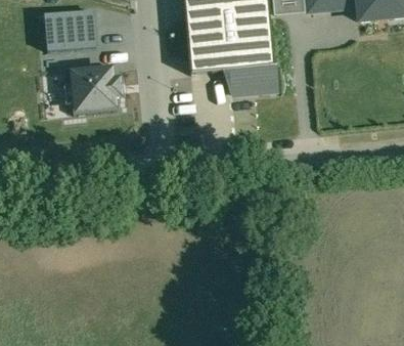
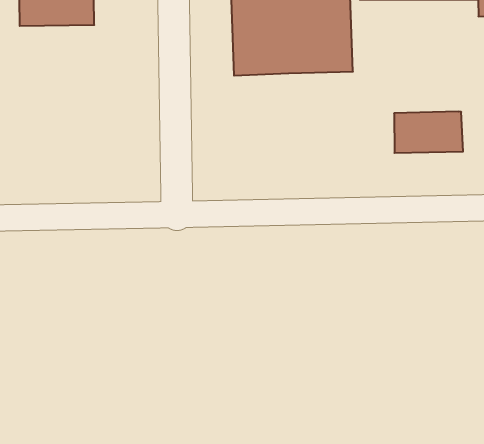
building: [70,64,115,112] -> none
building: [229,64,277,95] -> [394,112,463,153]

